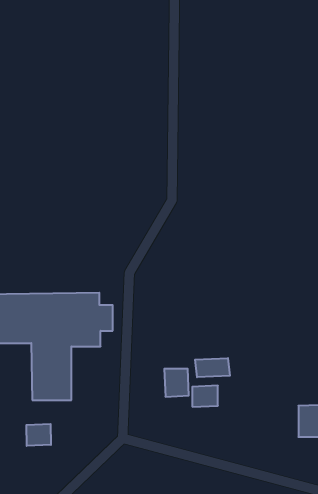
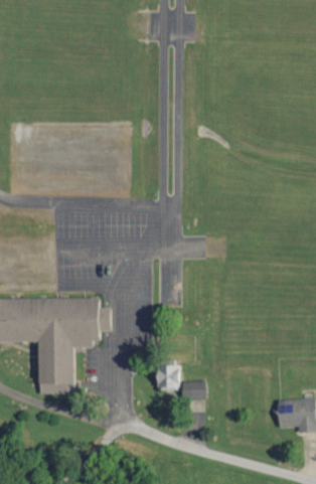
building: [195,358,230,377] -> none
building: [26,424,51,446] -> none

